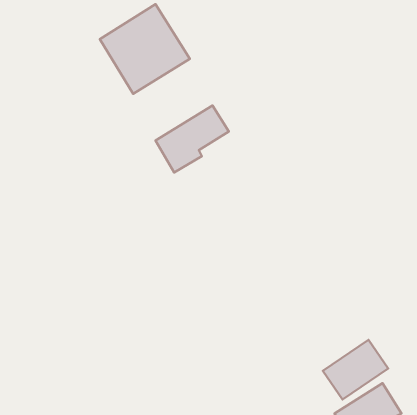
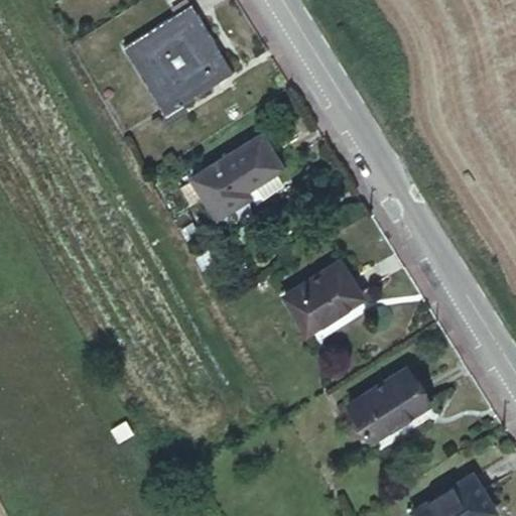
building: none -> [284,263,363,335]
building: [323,340,388,399] -> [349,369,429,442]

